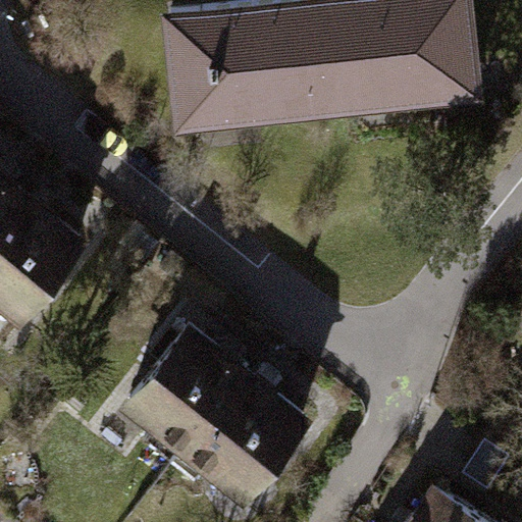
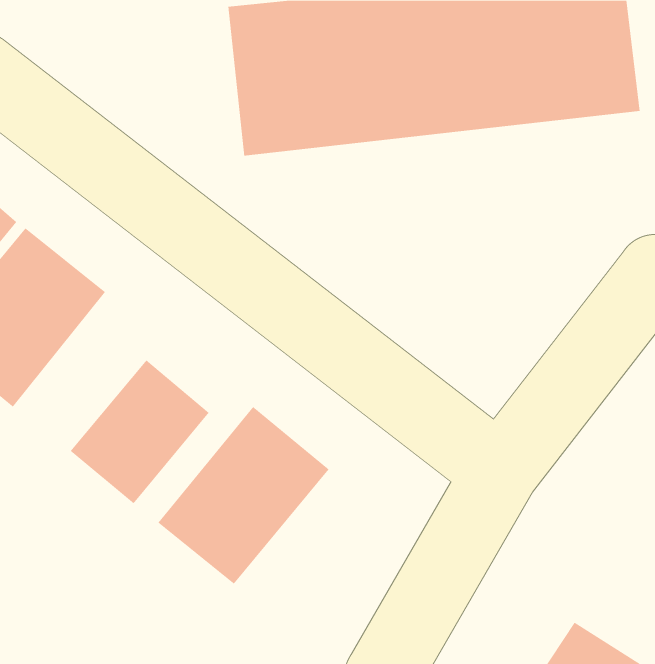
building: none -> [70,359,209,504]
building: [188,374,322,514] -> none

